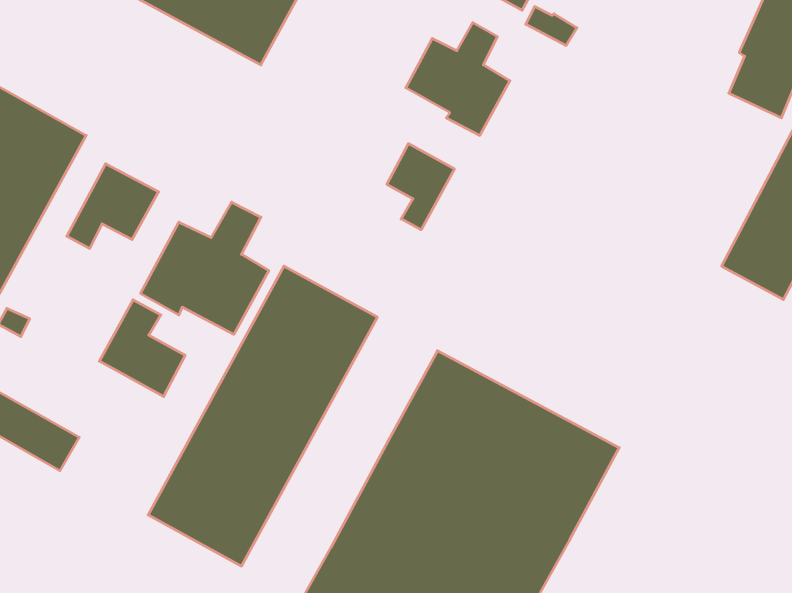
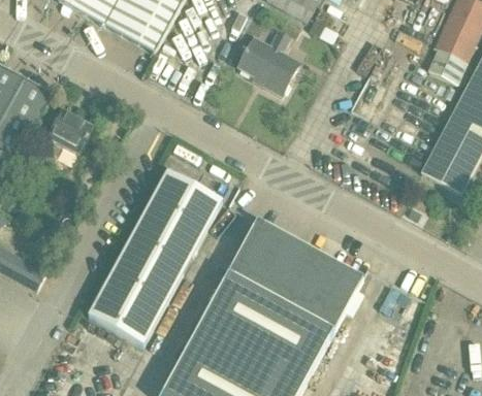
building: [387,144,454,230] -> none
building: [141,202,269,334] -> none
building: [99,300,185,397] -> none

